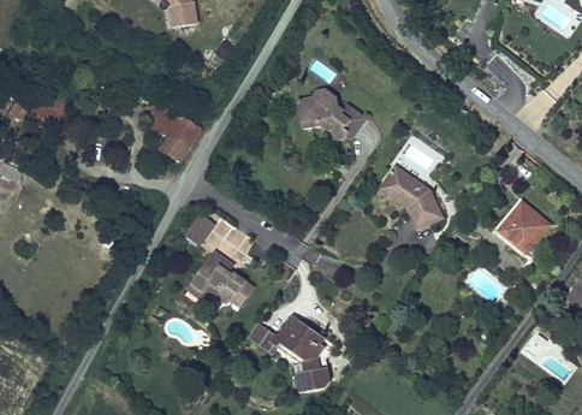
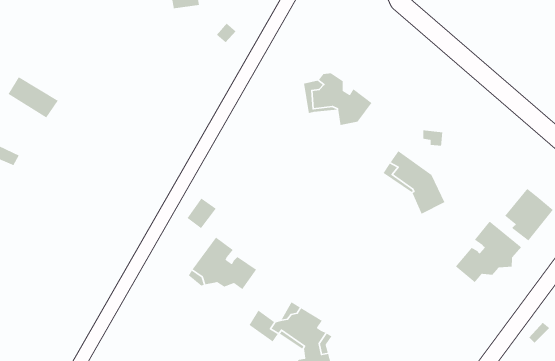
building: [144,103,198,161] -> none
building: [218,226,254,260] -> none
building: none -> [455,221,522,283]

